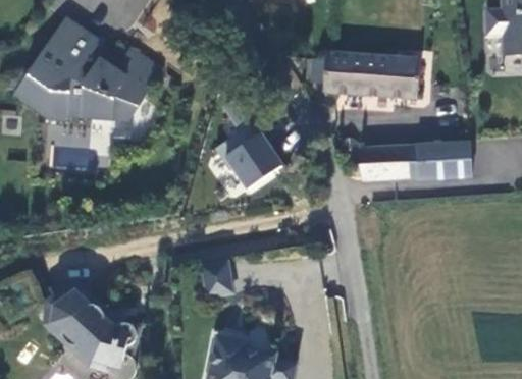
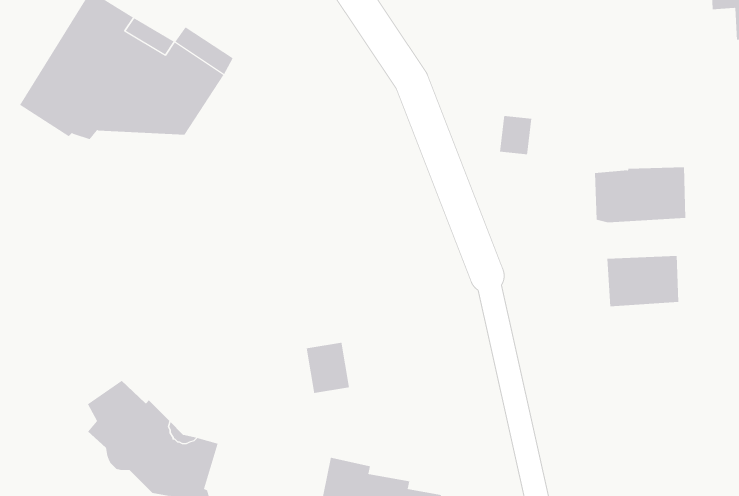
building: [310,55,417,98] -> none
building: [210,120,278,190] -> none
building: [355,146,404,180] -> [607,255,679,307]

